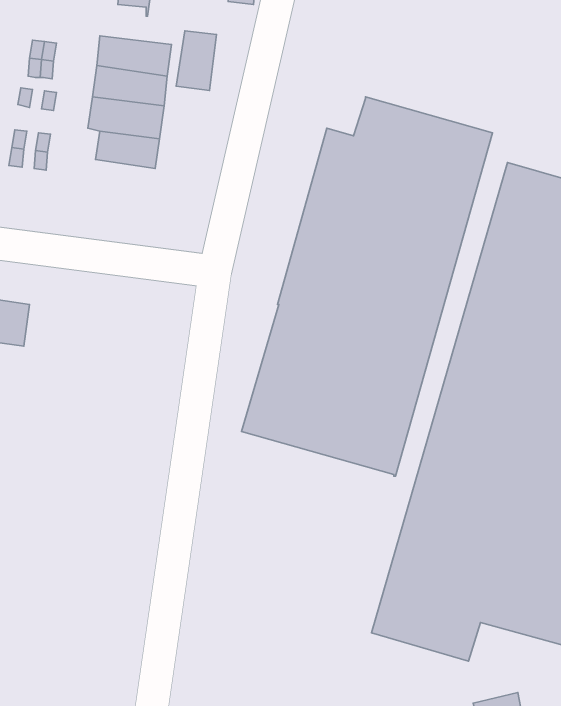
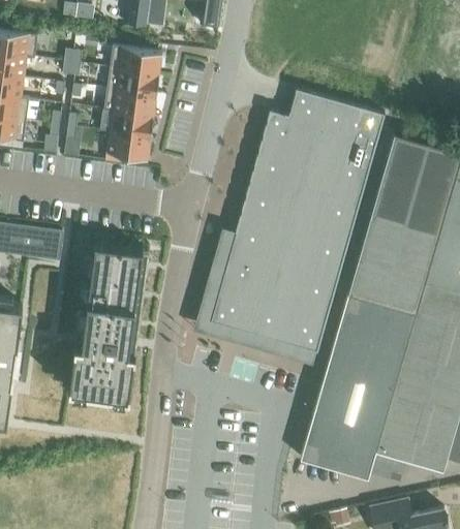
building: [176,31,216,90] -> none
building: none -> [105,134,150,161]
building: none -> [68,248,142,402]

